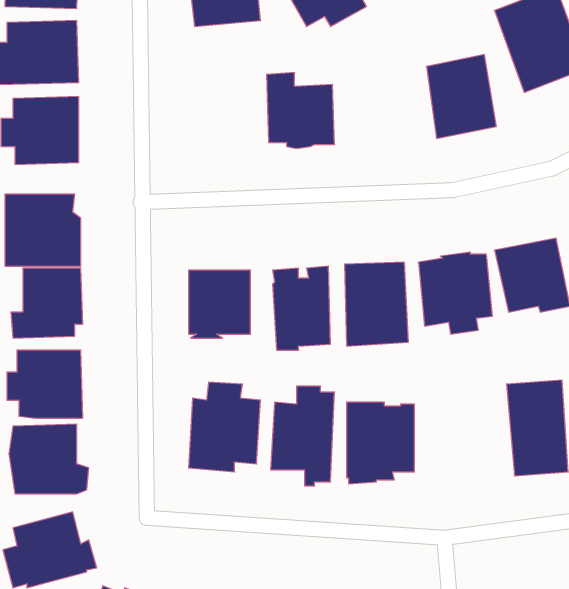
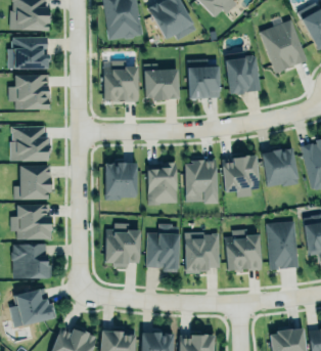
building: none -> [102,60,138,101]
building: none -> [187,67,219,100]
building: none -> [225,229,262,273]

